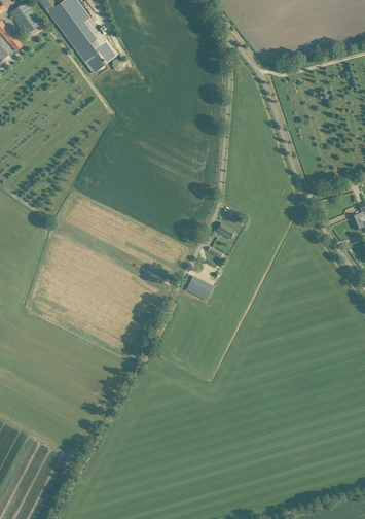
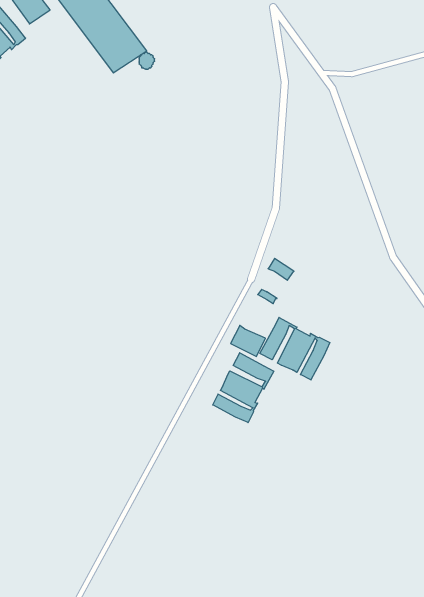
building: none -> [260,317,330,380]
building: none -> [213,353,274,423]

